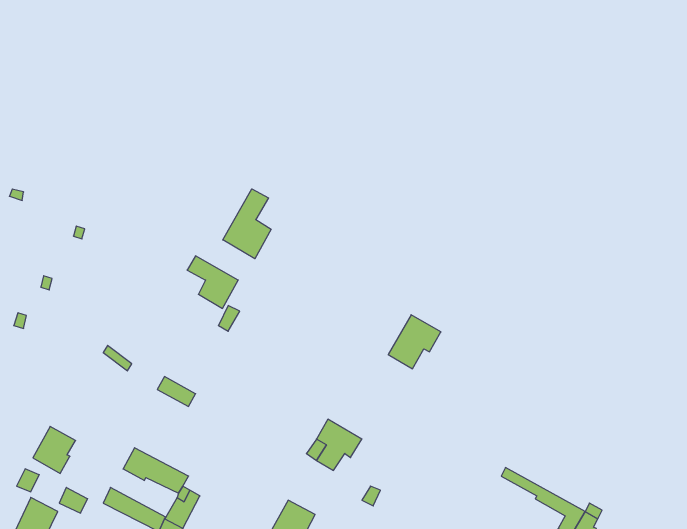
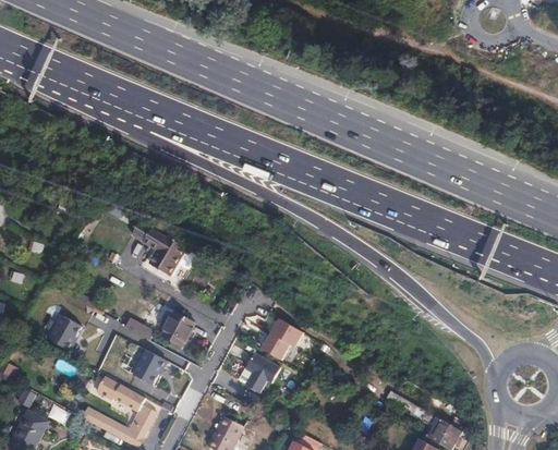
building: [223,189,271,259] -> none
building: [388,315,441,369] -> [260,317,301,358]
building: none -> [157,314,193,350]
building: none -> [133,350,166,385]
building: [33,426,76,473] -> [49,315,82,351]

